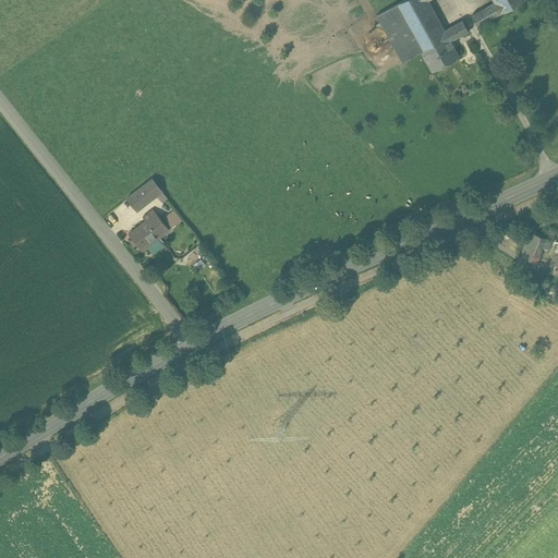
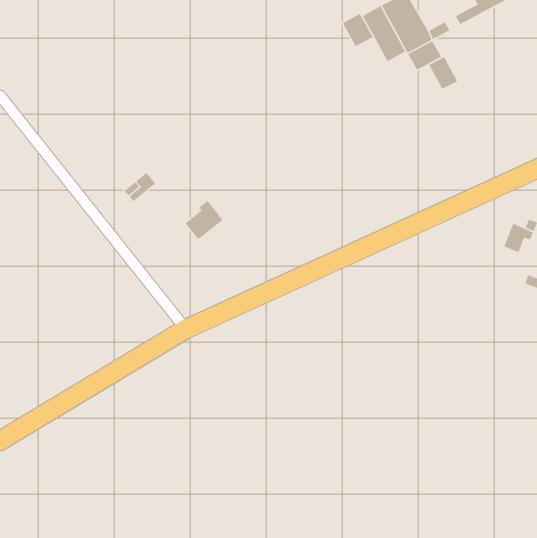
building: none -> [342,13,374,47]
building: none -> [428,56,458,90]
building: [131,208,171,250] -> [185,200,224,240]

